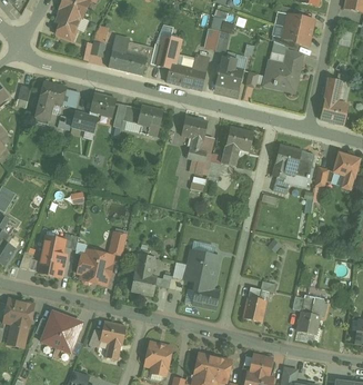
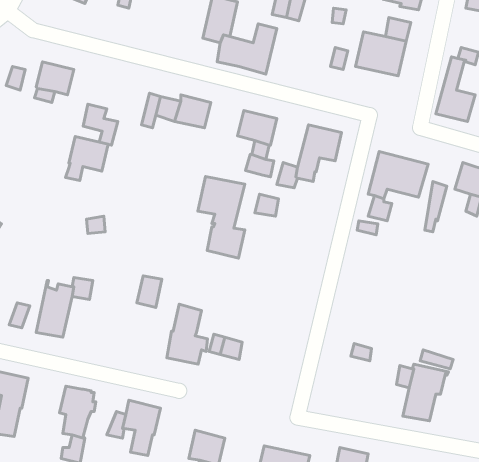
building: [107,43,147,75] -> none
building: [215,56,242,89] -> none
building: [85,92,115,124] -> [66,136,108,181]
building: [77,247,112,285] -> none
building: [185,251,219,309] -> [198,176,245,258]
building: [242,286,266,322] -> none

